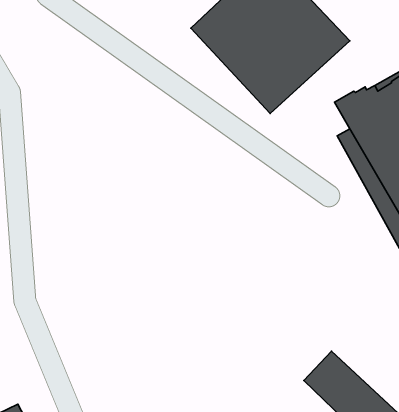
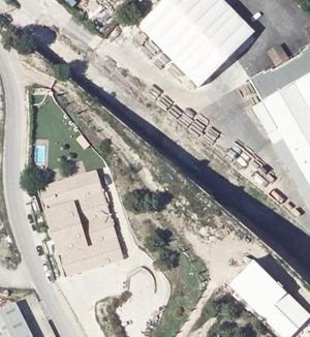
building: none -> [37,170,123,277]

